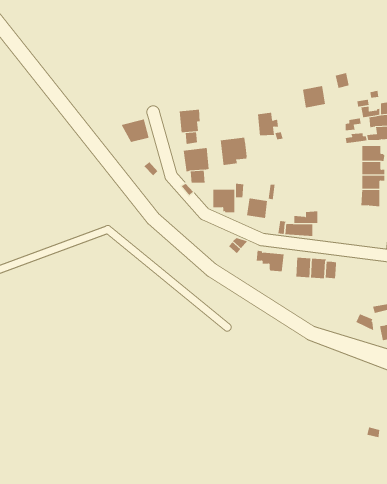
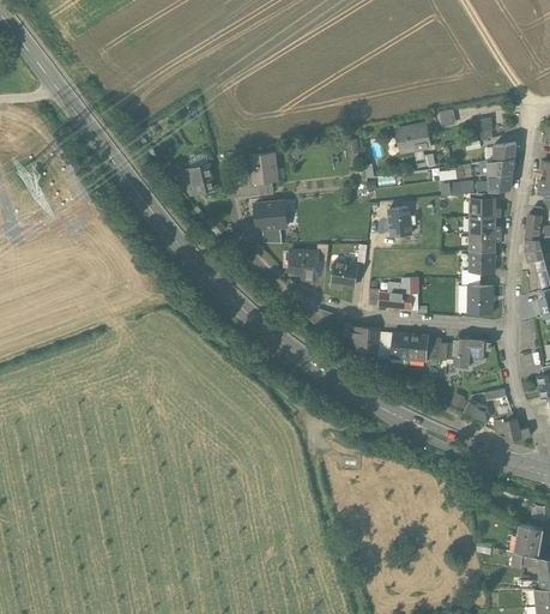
building: [257,112,279,136] -> [389,206,416,235]
building: [220,137,247,166] -> none
building: none -> [467,285,492,313]
building: none -> [454,339,489,366]

